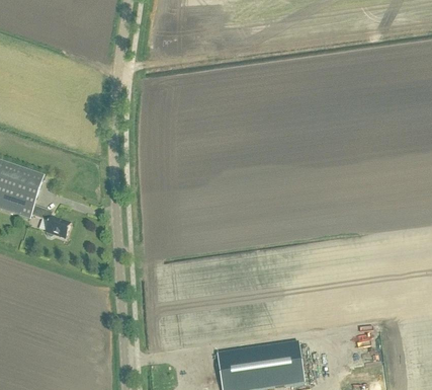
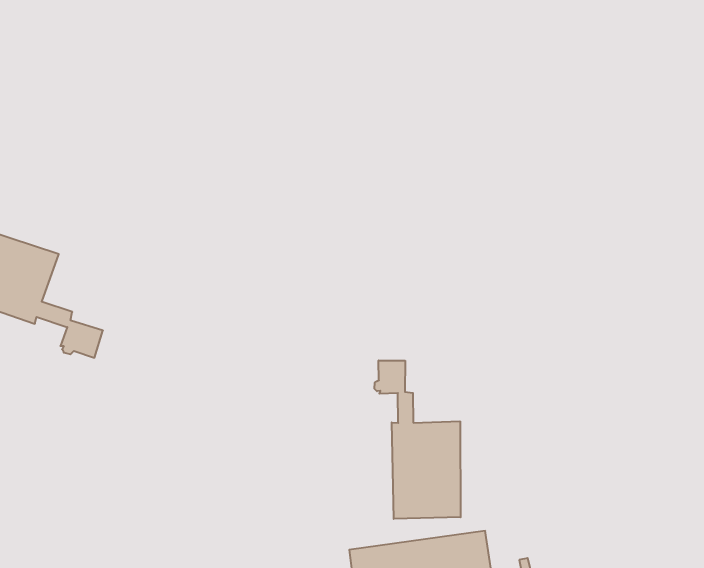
building: none -> [374,360,461,519]

